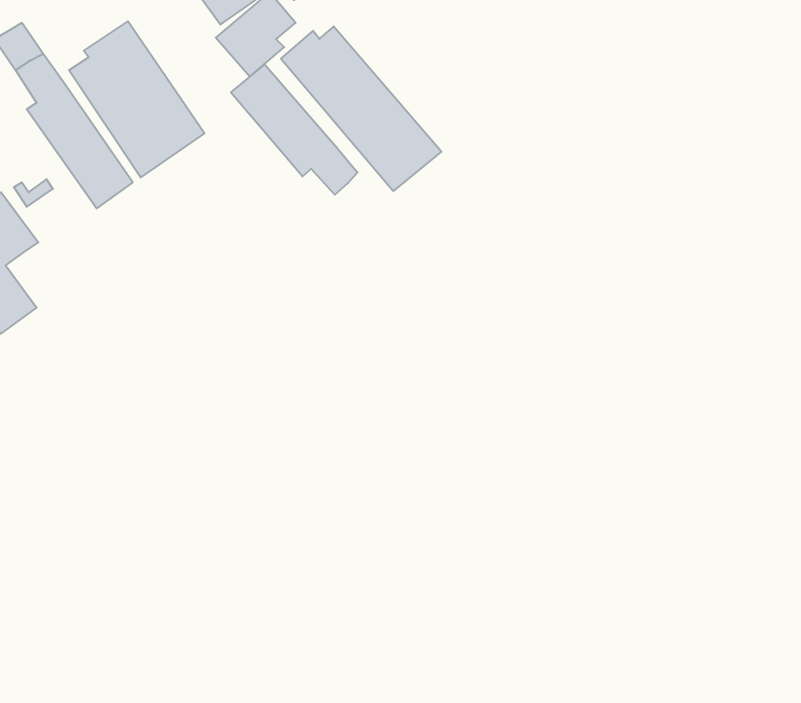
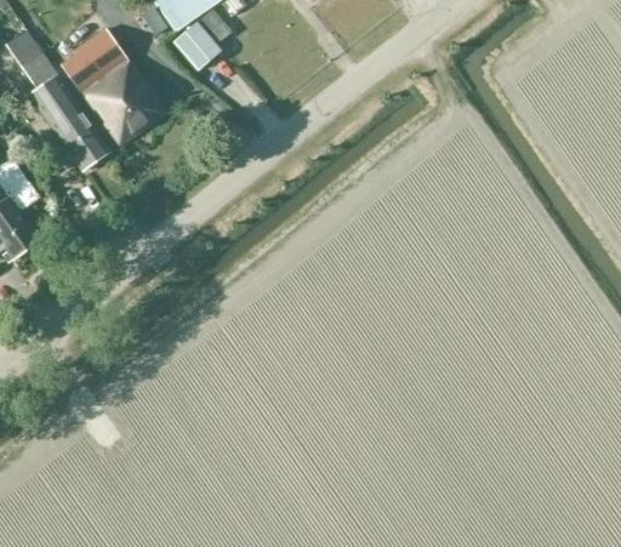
building: [281,26,441,191] -> none
building: [231,65,358,195] -> none

